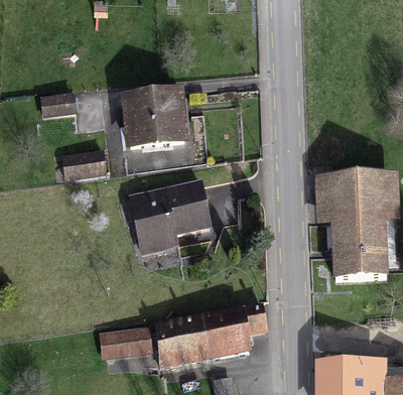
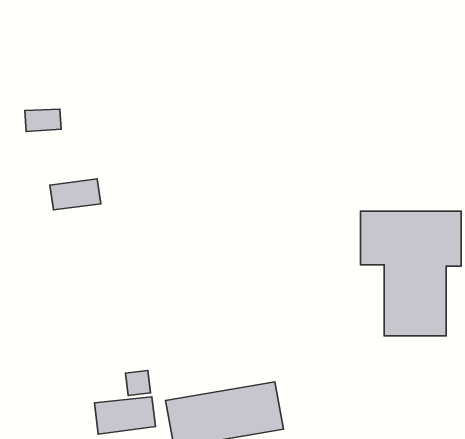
building: [124,87,184,144] -> none
building: [134,189,211,253] -> none

